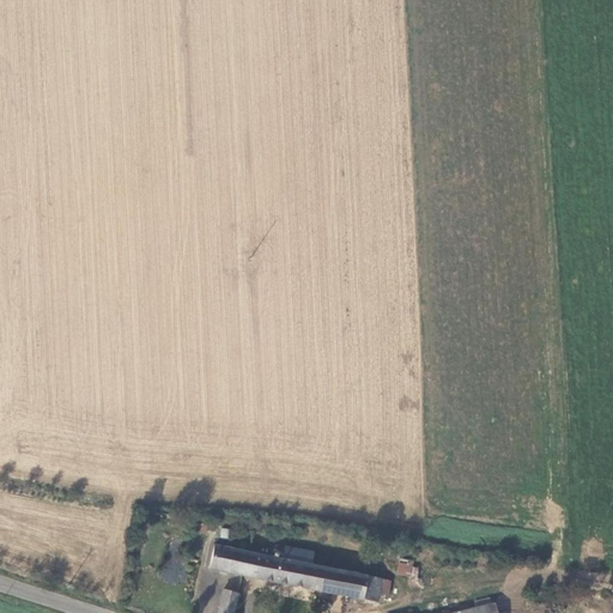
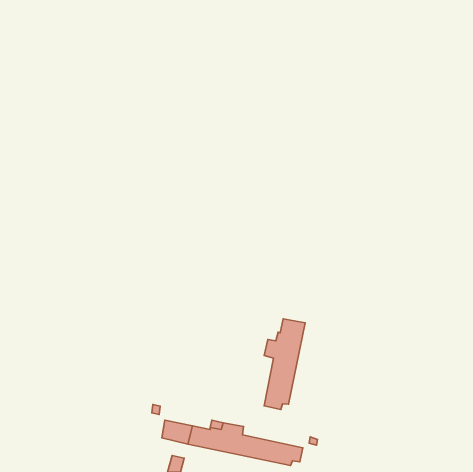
building: none -> [264,319,305,409]

